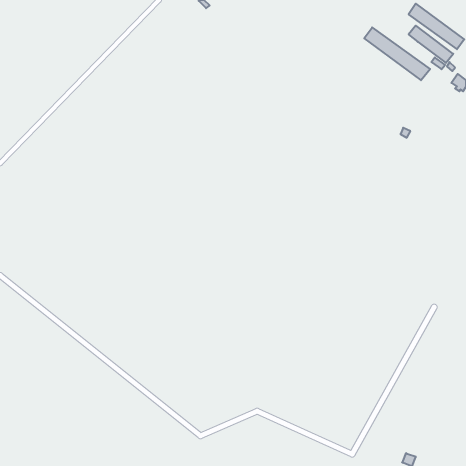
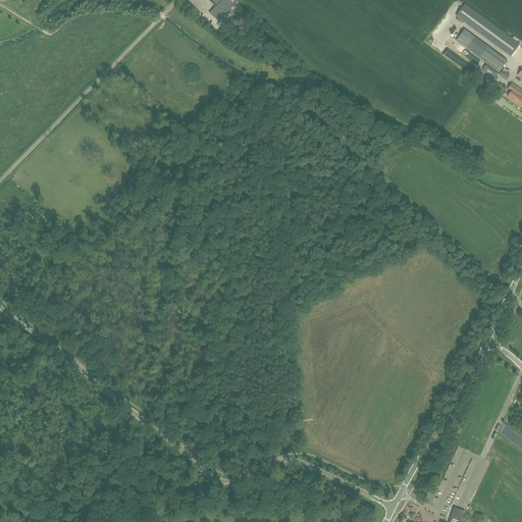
building: [364,27,430,80] -> none

